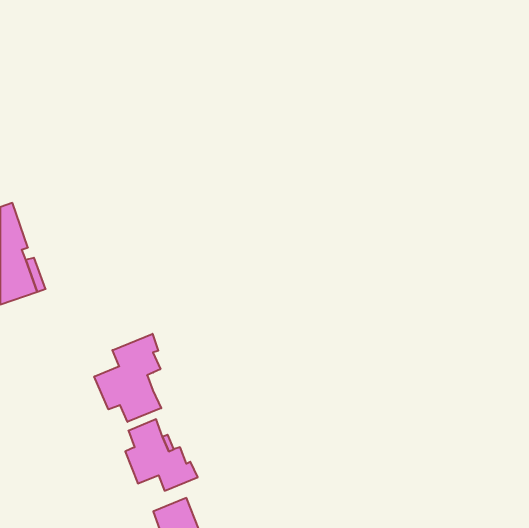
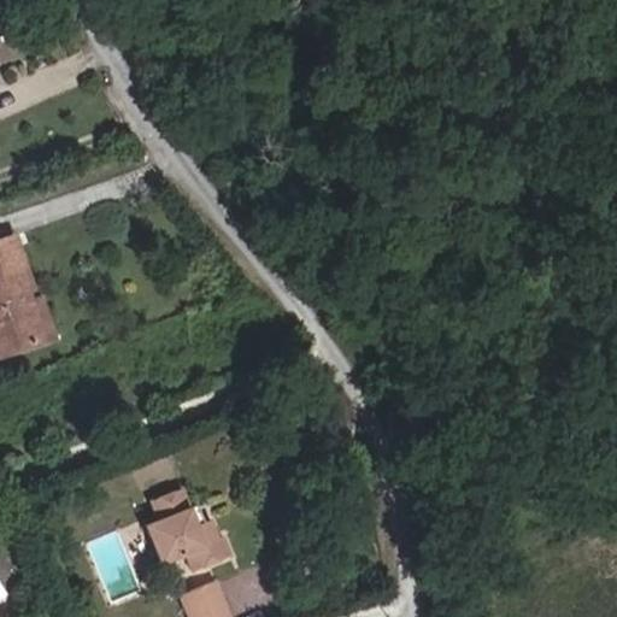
building: [94,334,161,422] -> none

